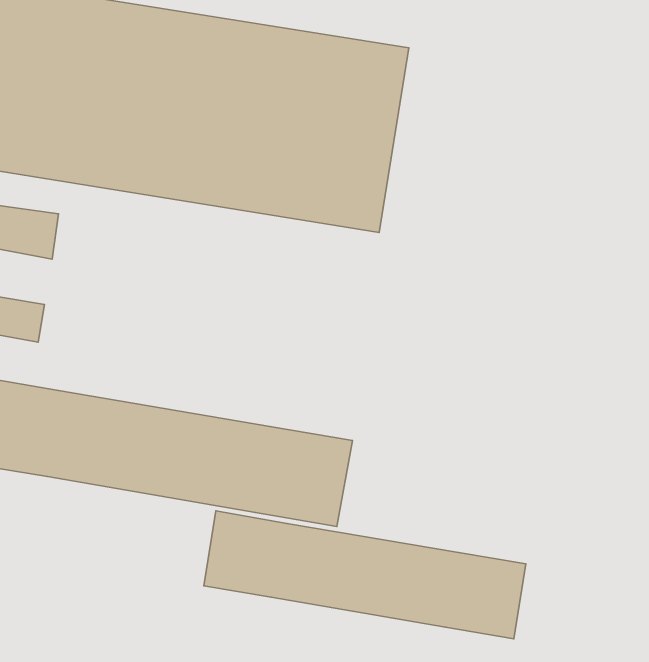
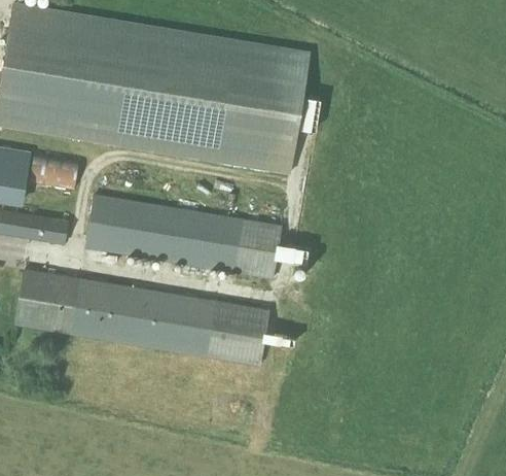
building: none -> [84,194,308,279]
building: [204,511,526,639] -> none

